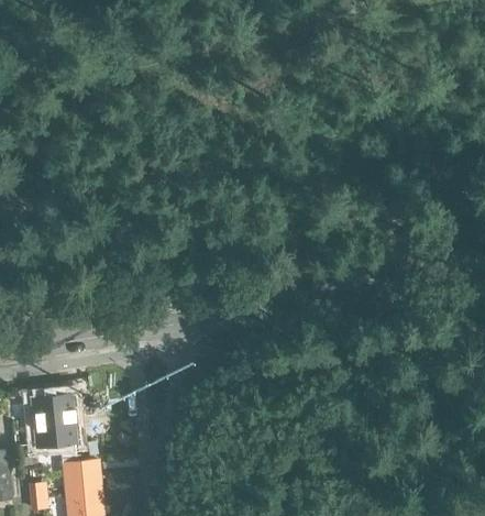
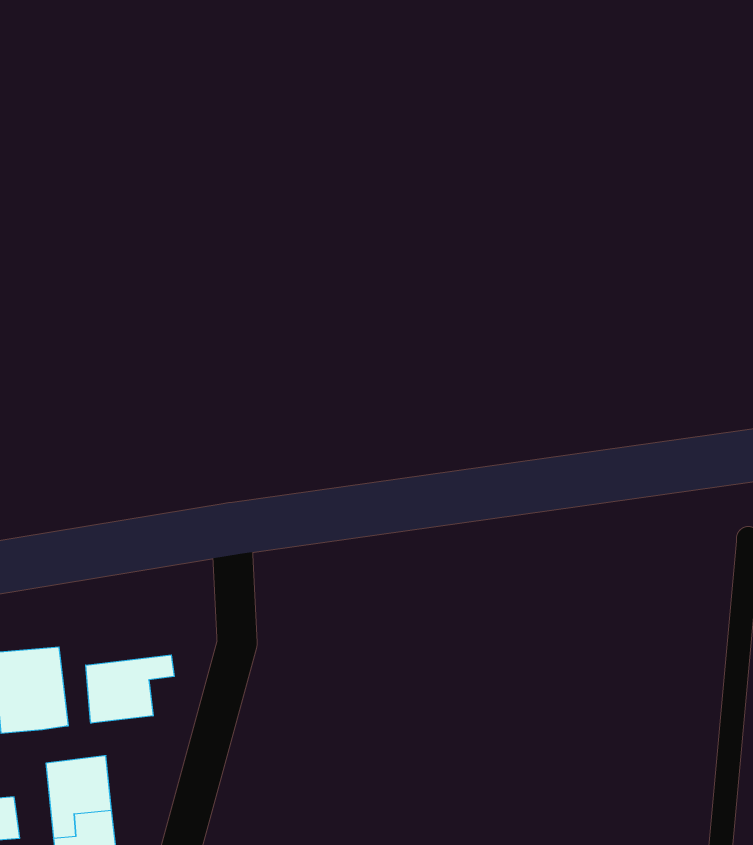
building: none -> [86,655,174,723]

